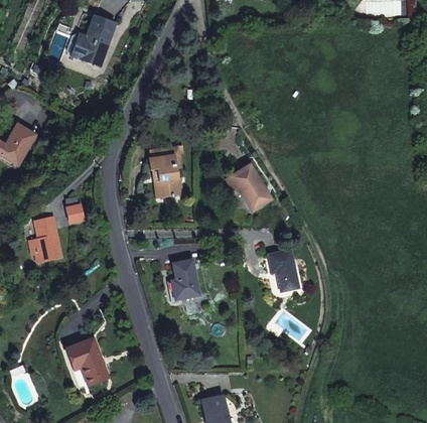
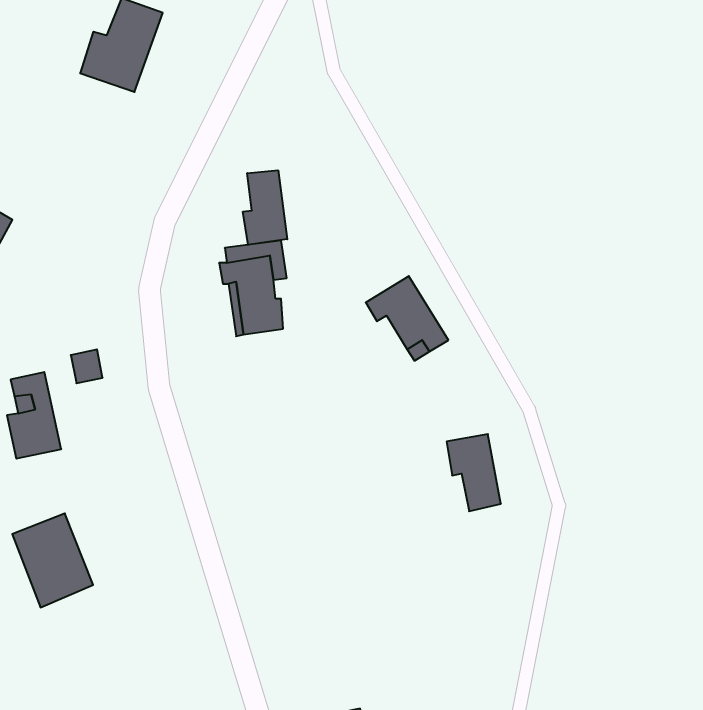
building: none -> [243,170,287,245]
building: [171,259,199,298] -> none
building: [65,337,109,388] -> [12,513,93,607]

